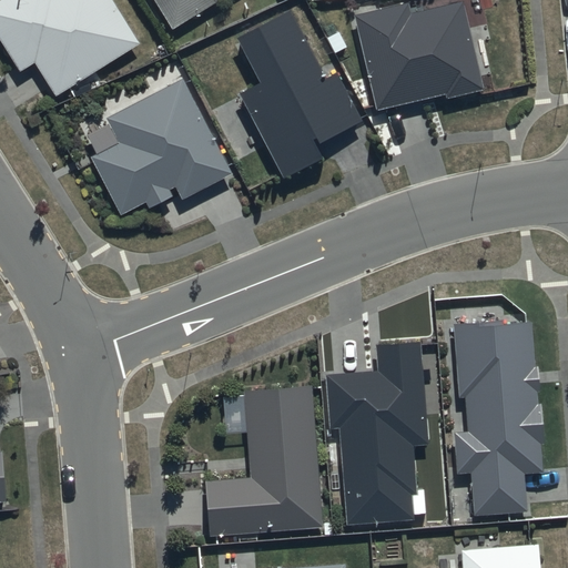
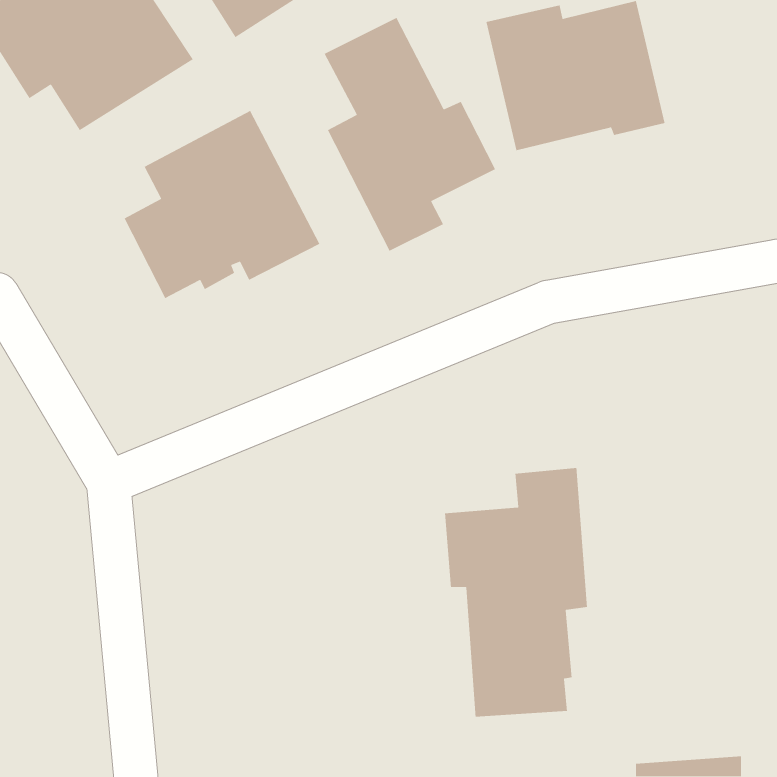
building: [452,317,545,516] -> none
building: [206,385,324,536] -> none

